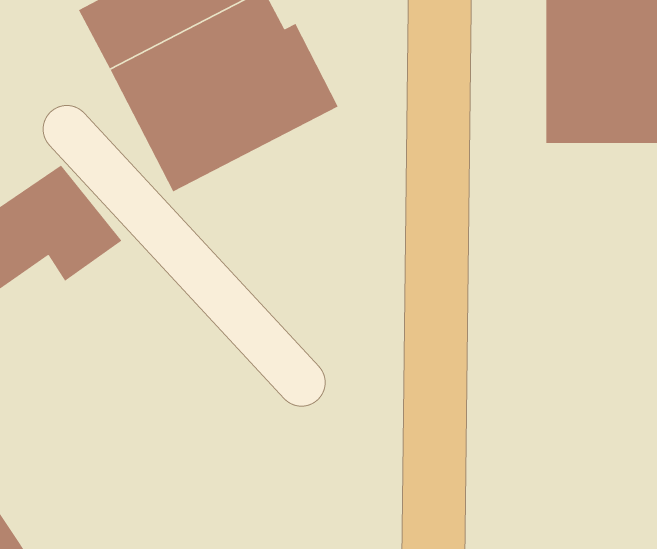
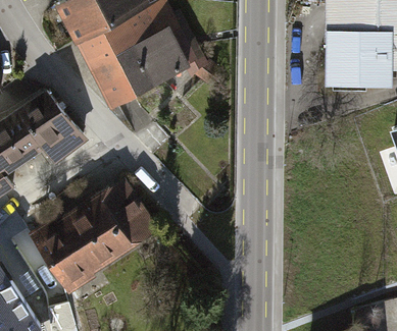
building: none -> [39,182,154,285]

